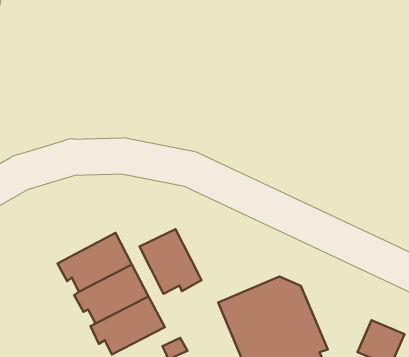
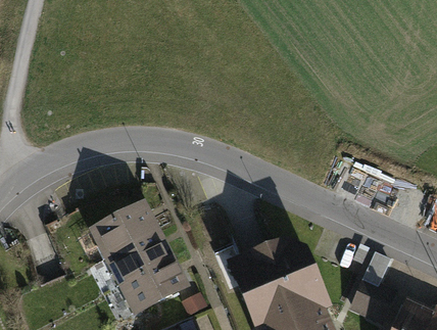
building: [139,229,202,294] -> none

